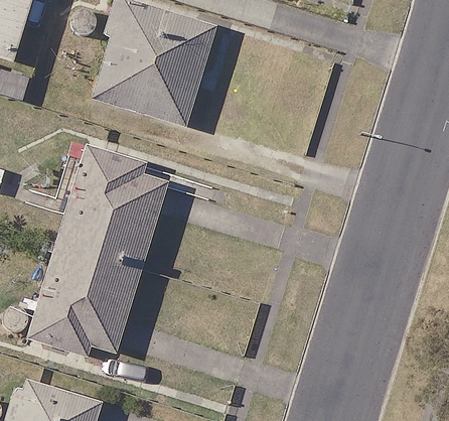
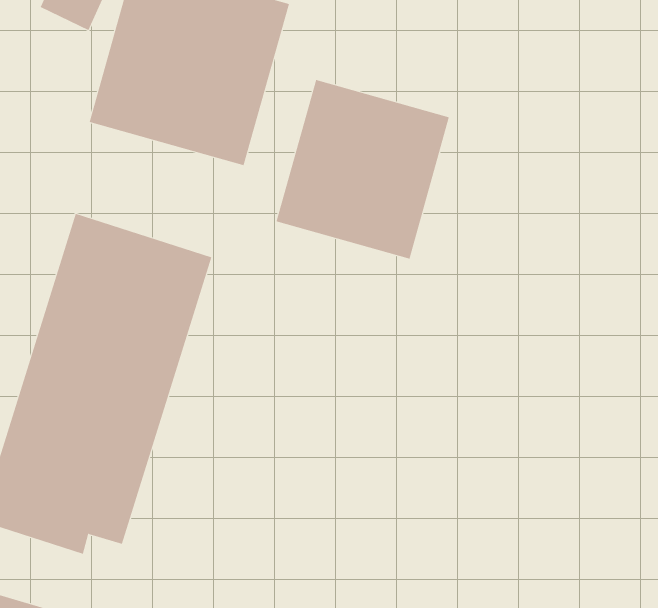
building: none -> [276,79,450,259]

